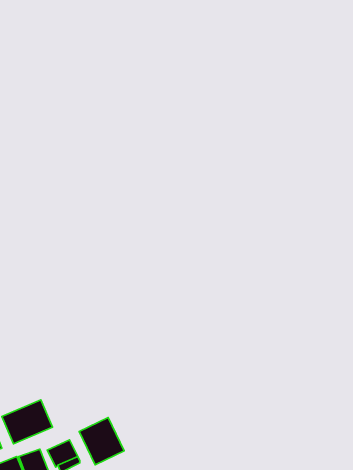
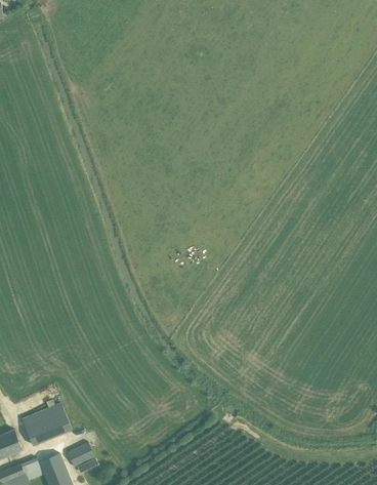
building: [79,417,124,465] -> none

